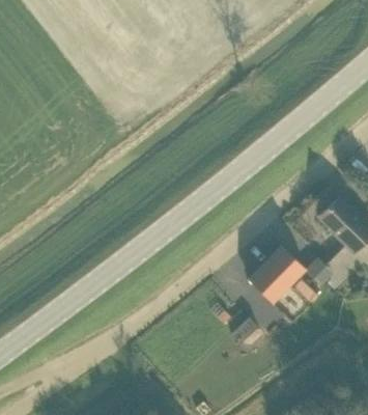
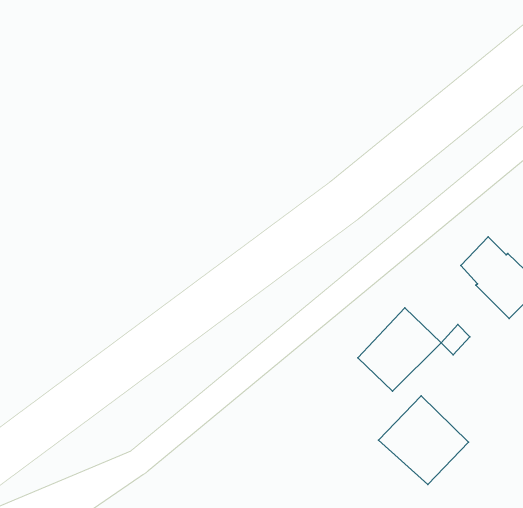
building: none -> [379,396,468,485]

